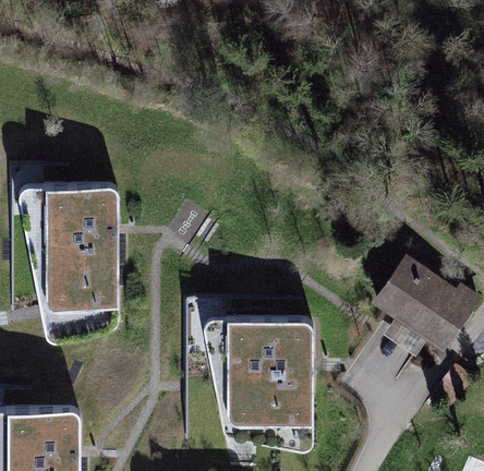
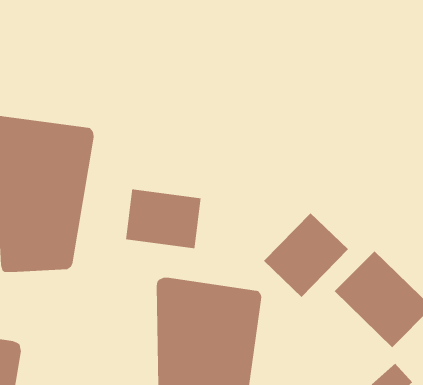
building: none -> [263,212,349,298]
building: none -> [125,188,201,249]

